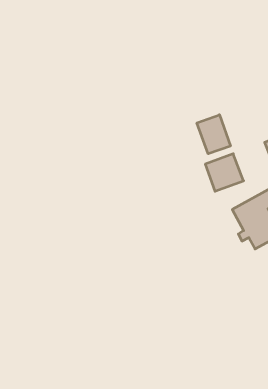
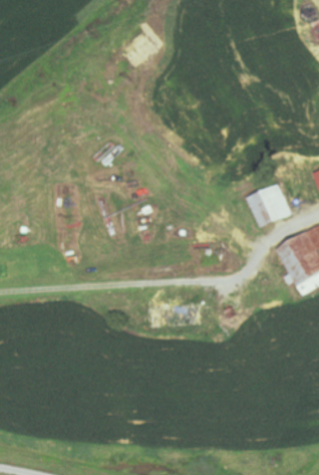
building: [197,115,230,154] -> none

